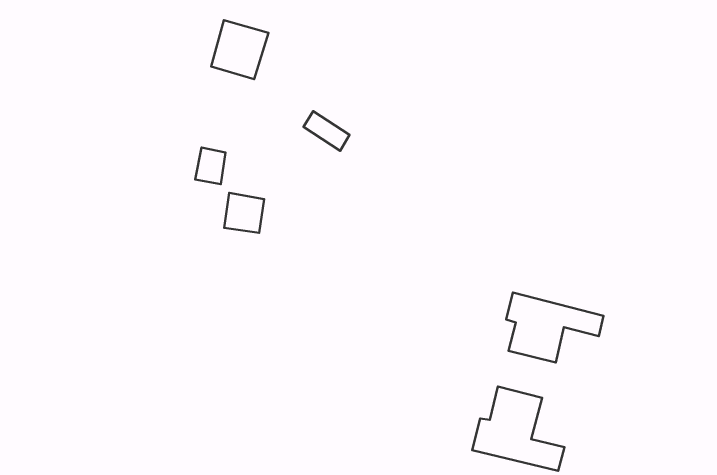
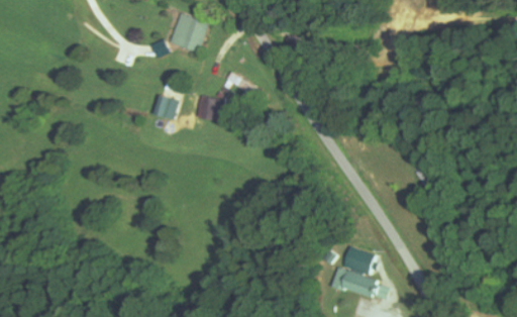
building: [224,193,264,233] -> [197,95,222,120]
building: [506,293,604,363] -> none

